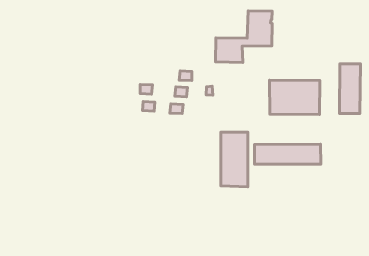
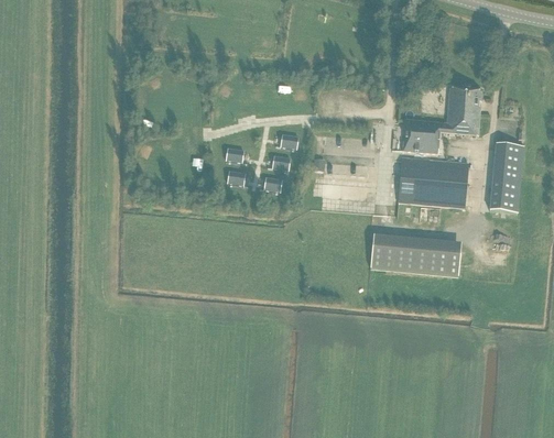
building: [215,11,272,63] -> [400,86,481,154]
building: [221,132,248,187] -> none

